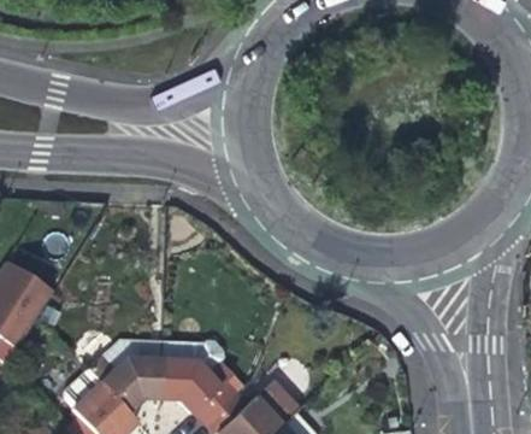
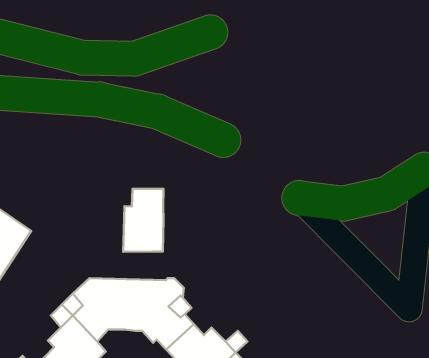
building: none -> [123,189,164,252]

